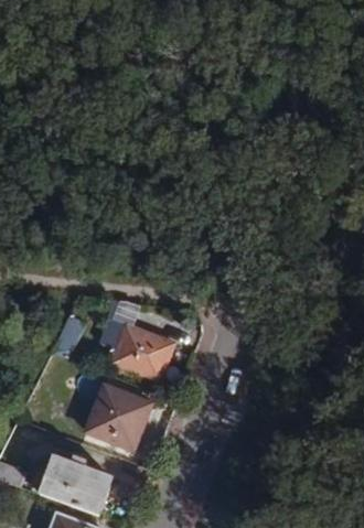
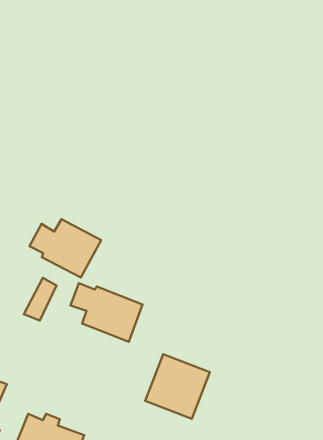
building: none -> [29,219,101,277]
building: [85,384,152,451] -> [145,354,210,419]

